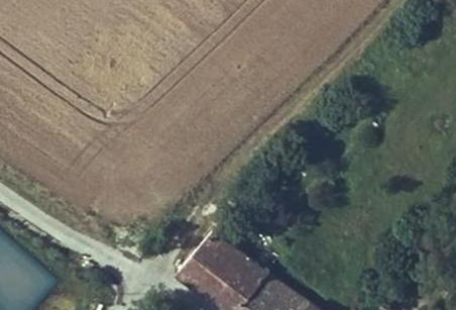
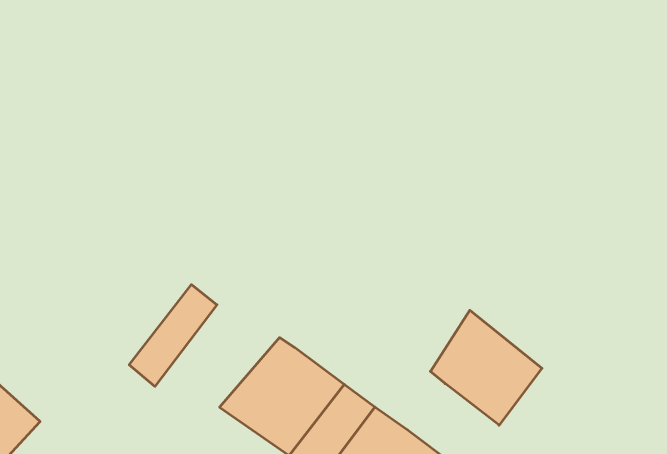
building: none -> [129,285,217,386]
building: none -> [430,310,542,425]

